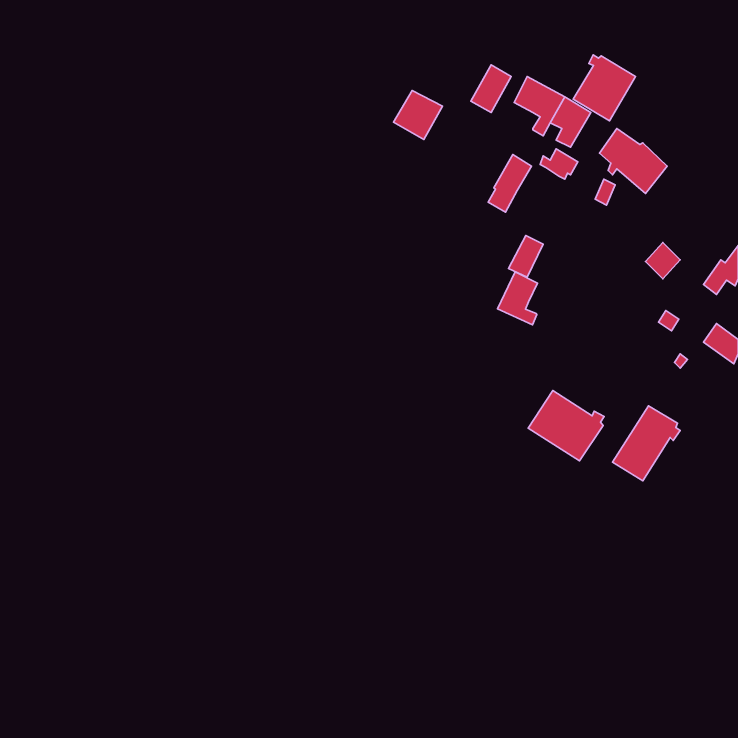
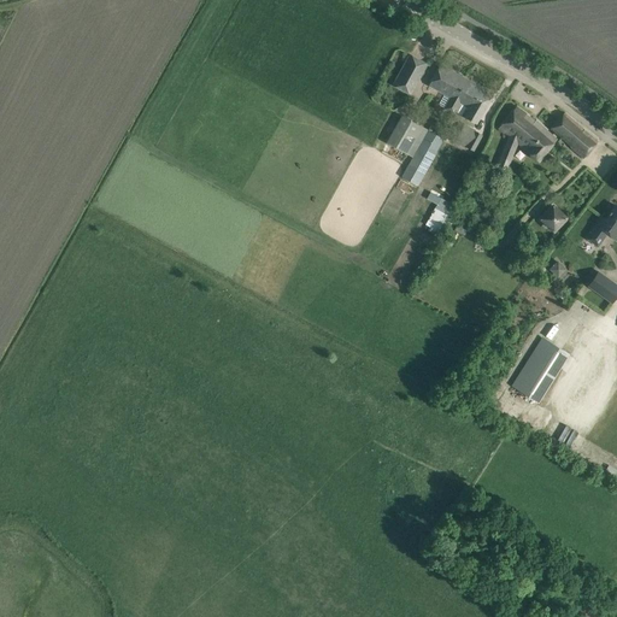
building: [573,55,635,121] -> none
building: [394,90,443,140] -> [387,116,428,157]
building: none -> [551,112,598,158]
building: [497,272,537,325] -> none
building: [528,390,604,461] -> none

